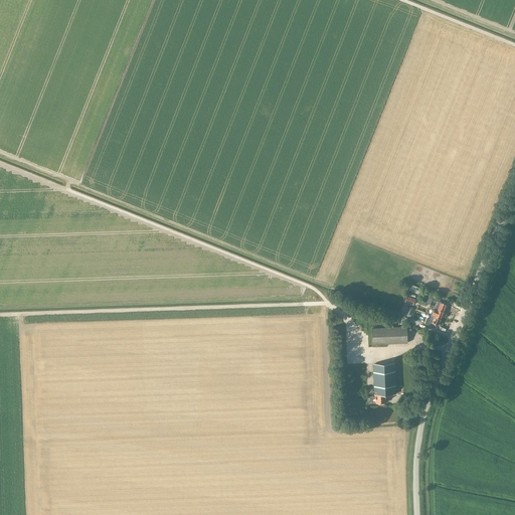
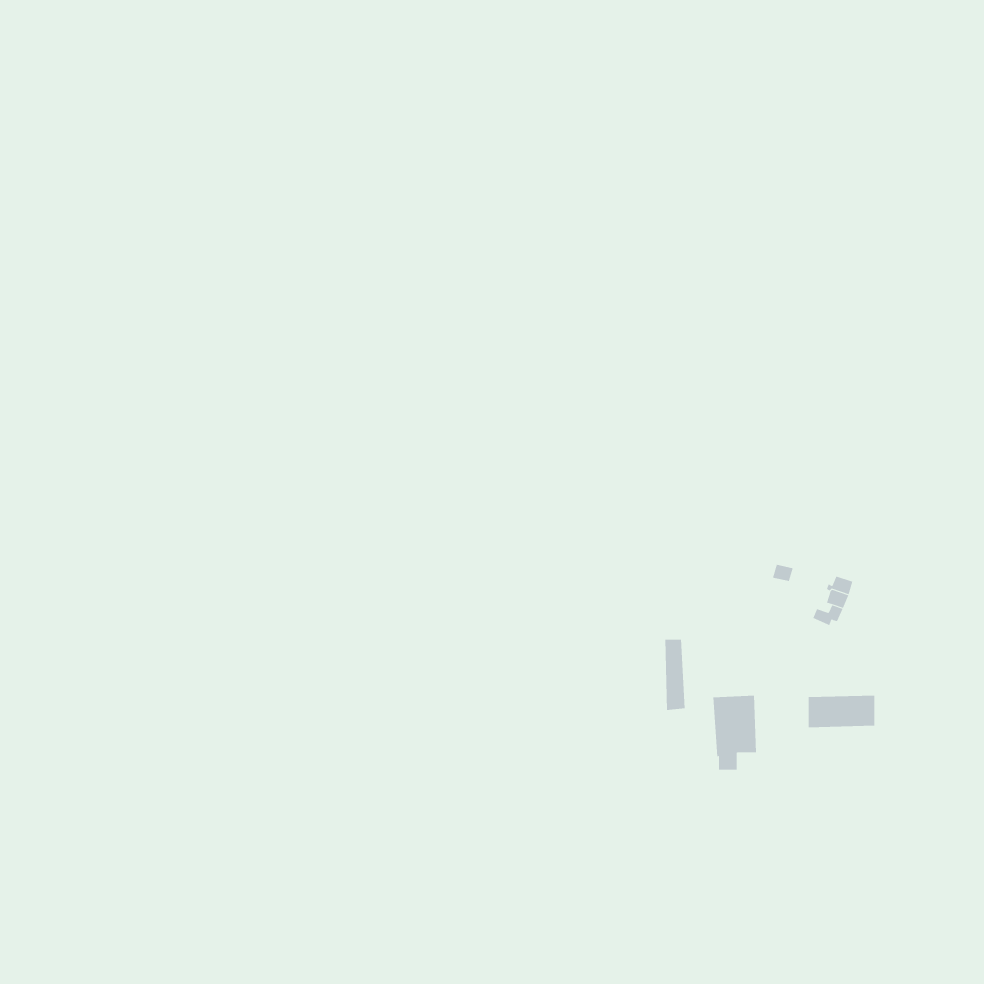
building: [371,327,406,344] -> [808,695,875,728]

